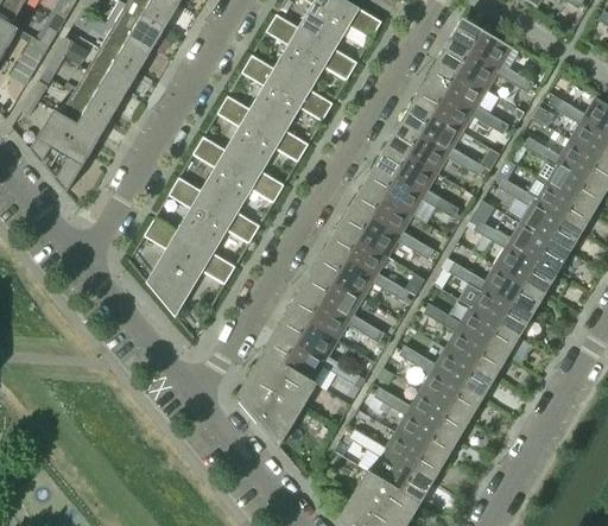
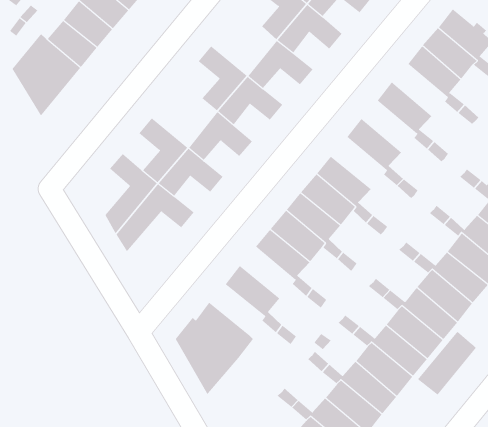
building: [241,53,292,119] -> none
building: [414,82,473,131] -> none
building: [390,123,448,172] -> none
building: [192,135,243,201] -> none
building: [365,165,423,214] -> none
building: [290,290,348,338] -> none
building: [265,332,323,384] -> none
building: none -> [417,331,477,396]

